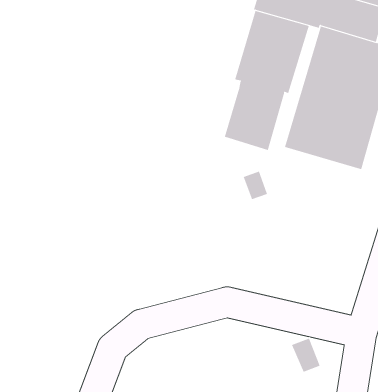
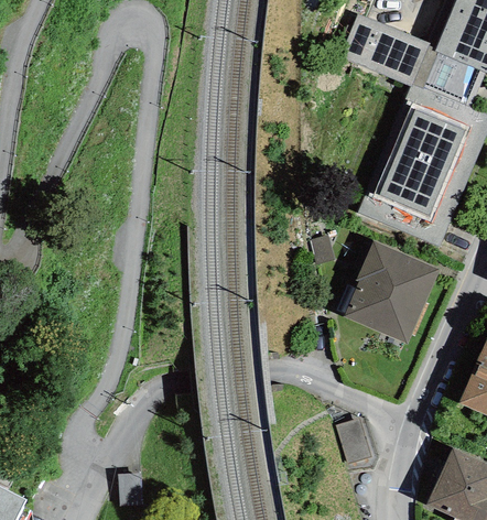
building: [224,10,309,151] -> none
building: none -> [344,239,439,343]

